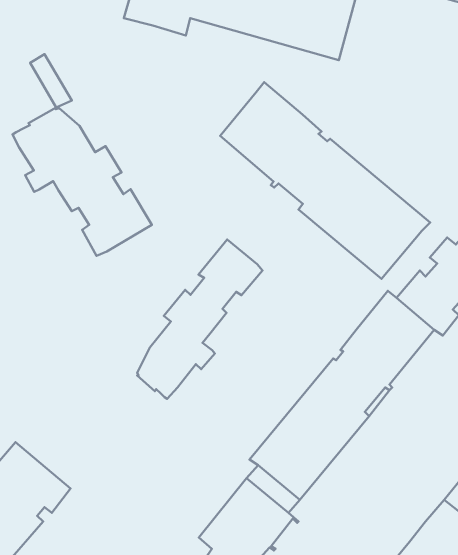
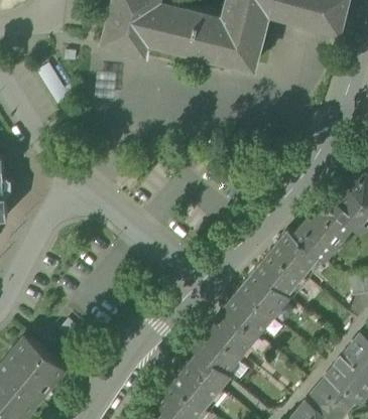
building: [220,82,430,279] -> none
building: [13,108,152,256] -> none
building: [137,240,263,399] -> none

